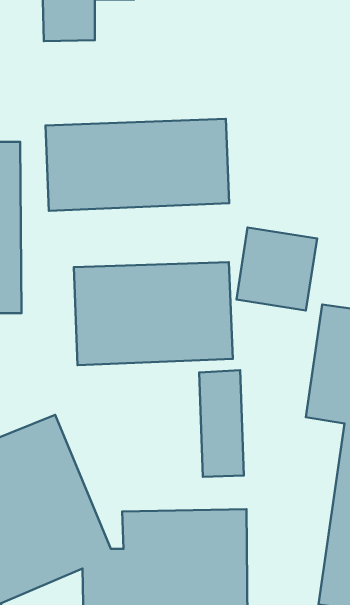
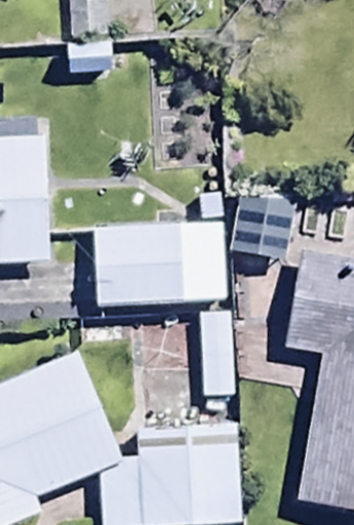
building: [46,119,229,211] -> none

